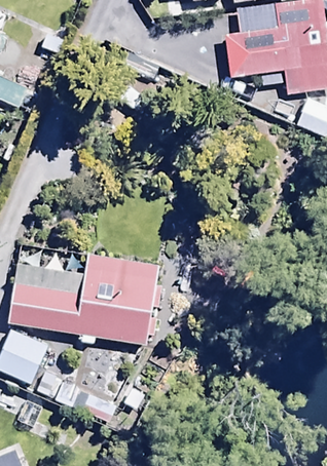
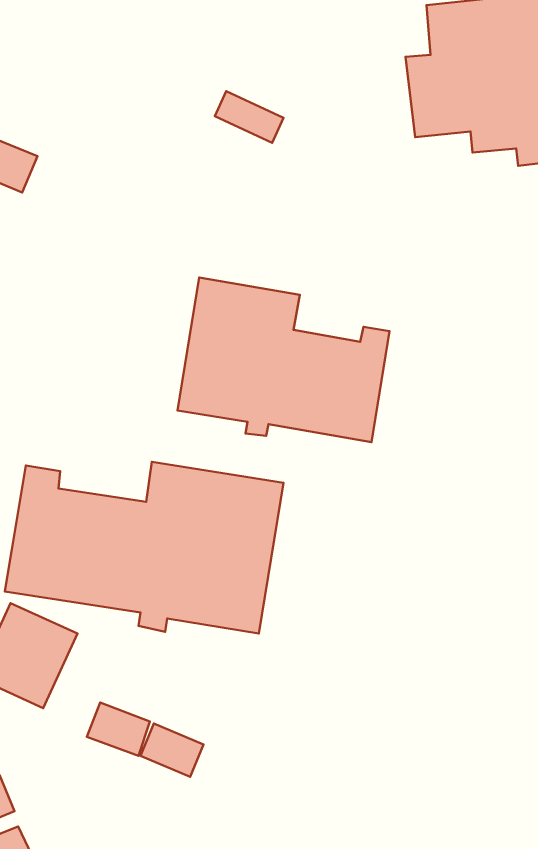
building: none -> [177,278,390,442]

